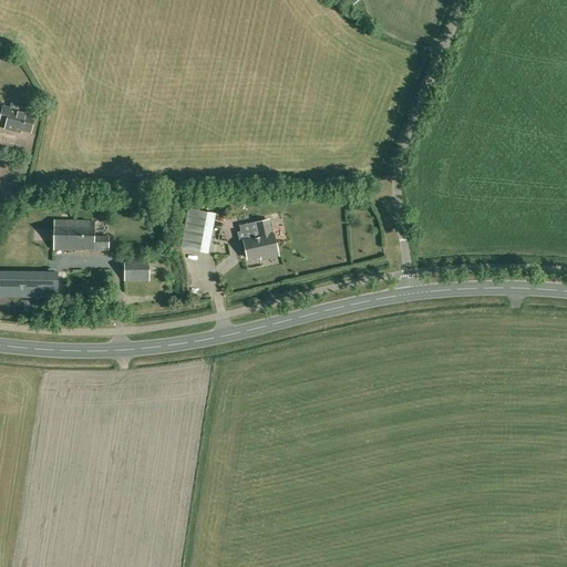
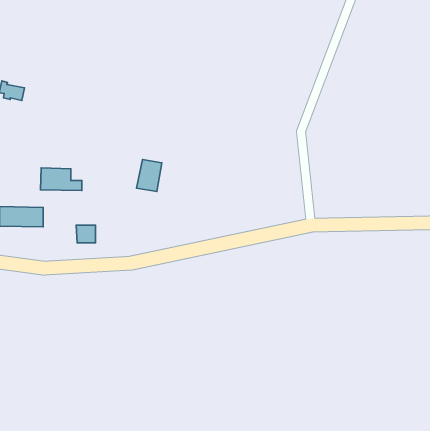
building: [243,220,277,258] -> none
building: [123,258,148,281] -> [76,225,96,243]

